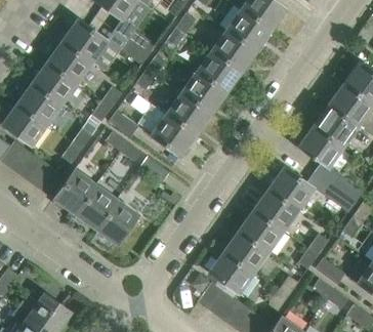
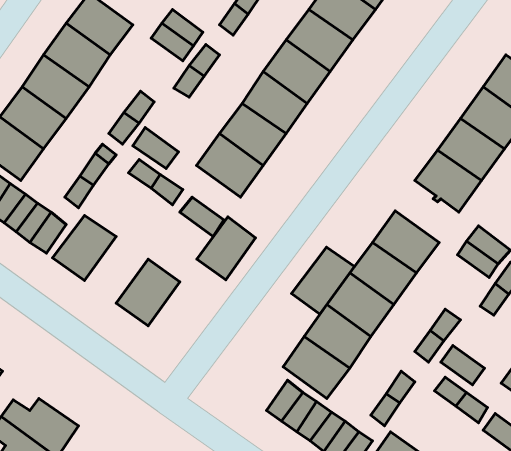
building: none -> [197,217,255,280]
building: [75,184,118,230] -> none
building: none -> [292,247,354,314]

